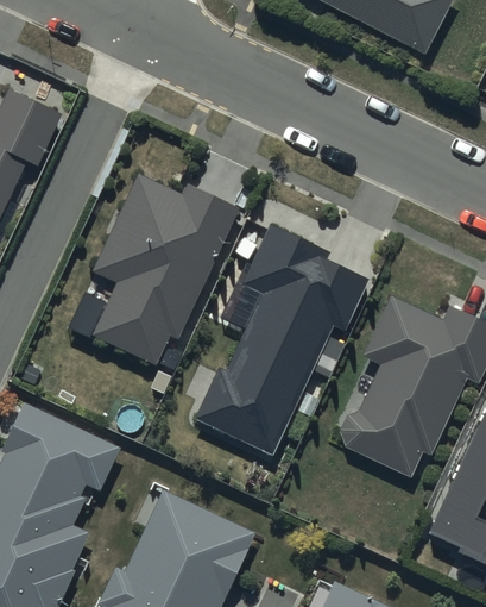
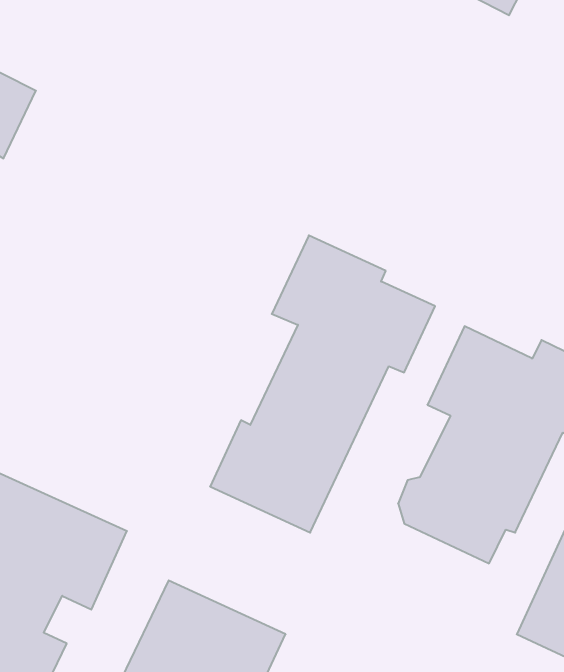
building: [89,173,239,367] -> none

